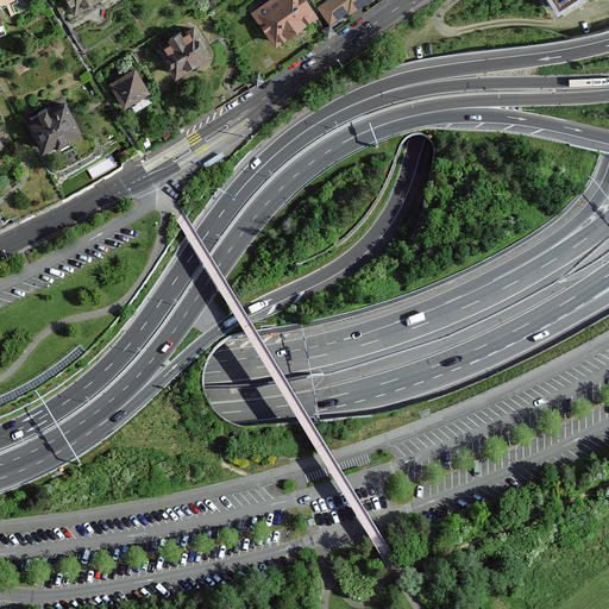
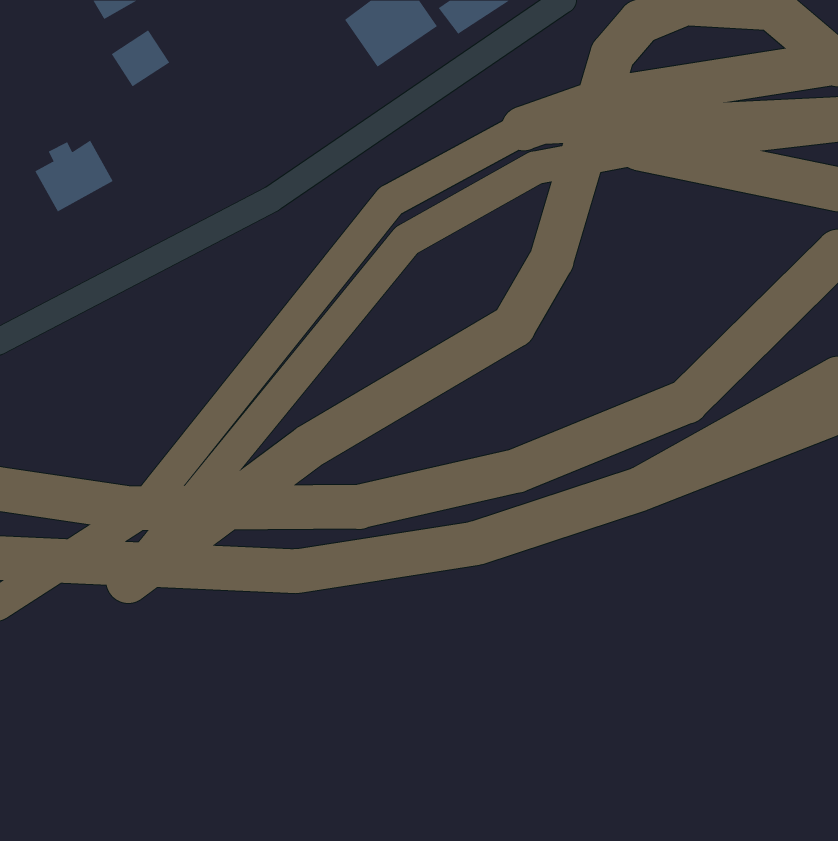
building: [159,26,213,77] -> none
building: [109,65,152,107] -> [111,29,170,87]

